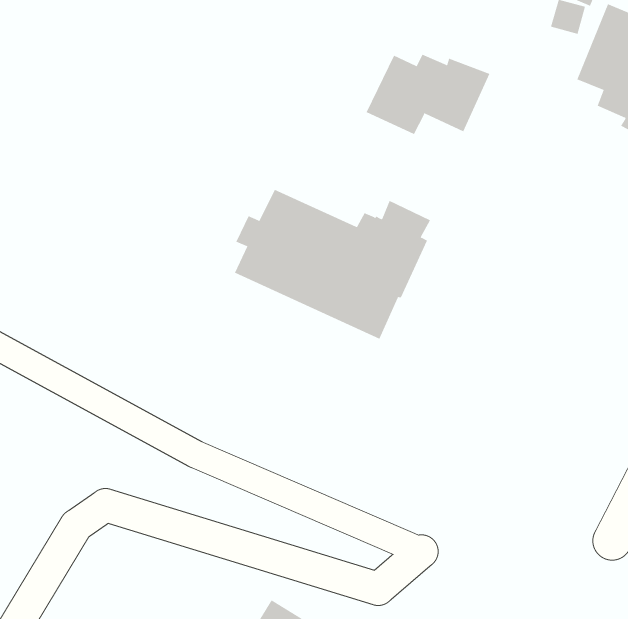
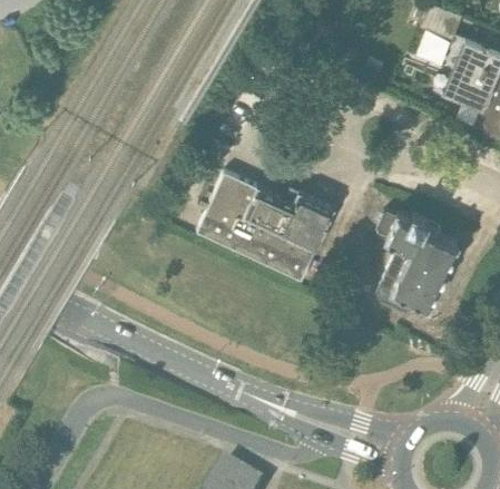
building: [366,54,490,135] -> none
building: none -> [376,209,459,311]

